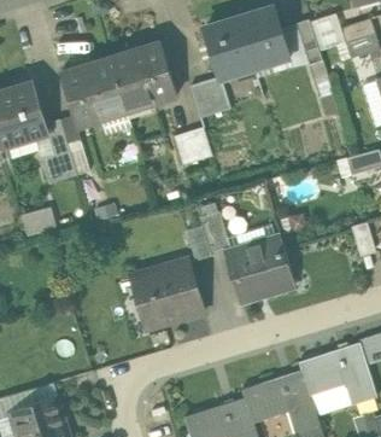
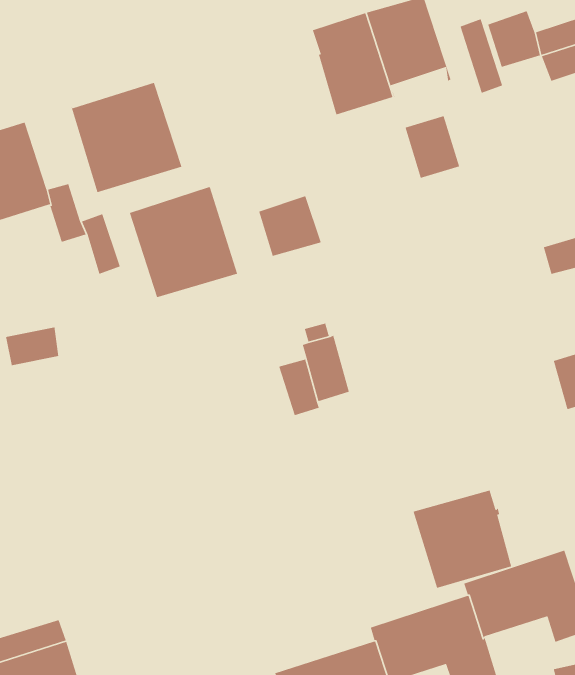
building: [111,42,177,110] -> [129,187,238,298]
building: [190,78,224,117] -> [404,115,460,179]
building: [229,239,289,299] -> [413,489,512,589]
building: [131,261,203,327] -> none

